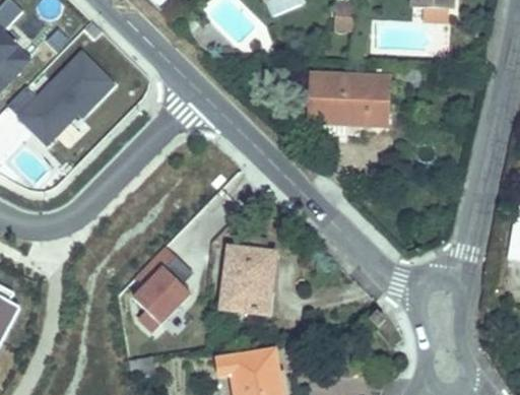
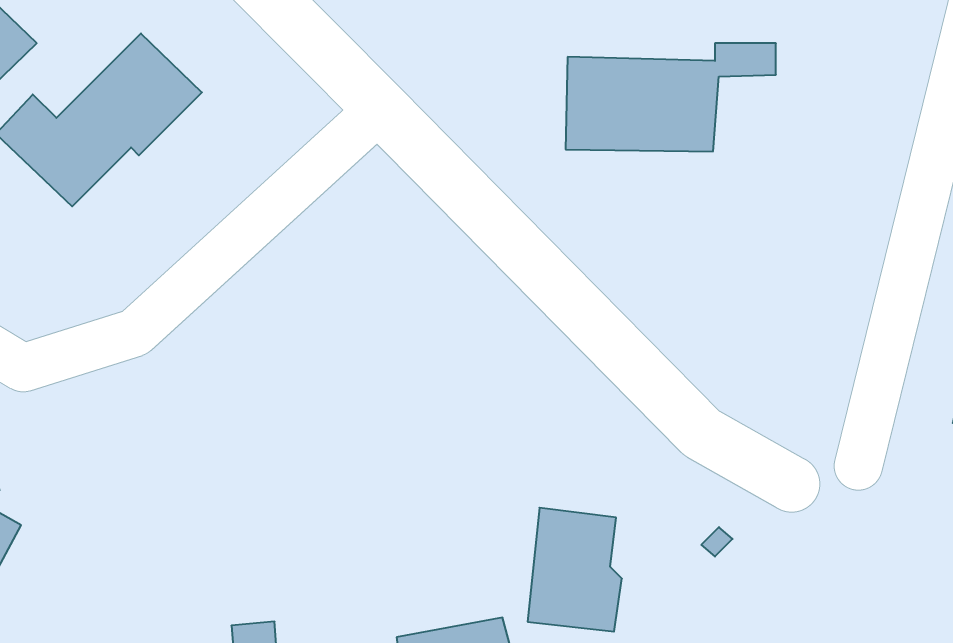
building: [136,249,196,334] -> none
building: [223,256,272,320] -> [528,508,622,632]

